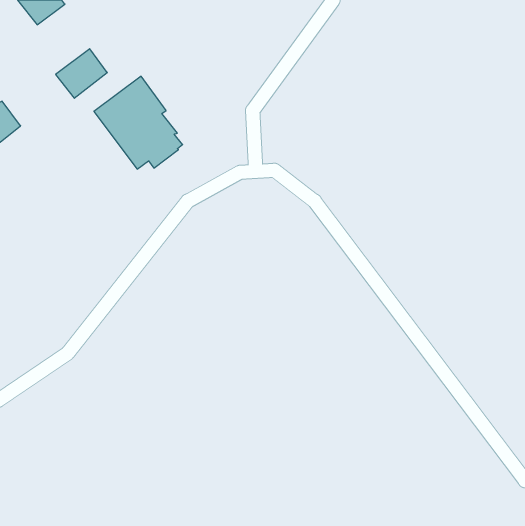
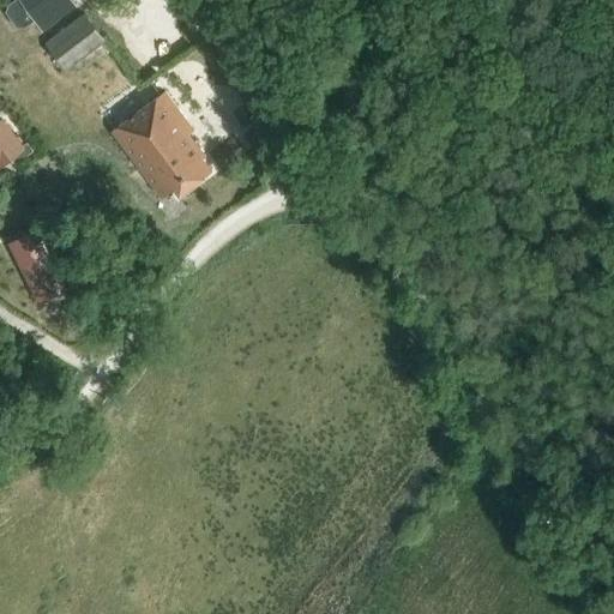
building: [56,49,107,98] -> [44,13,104,71]
building: none -> [7,230,62,297]

